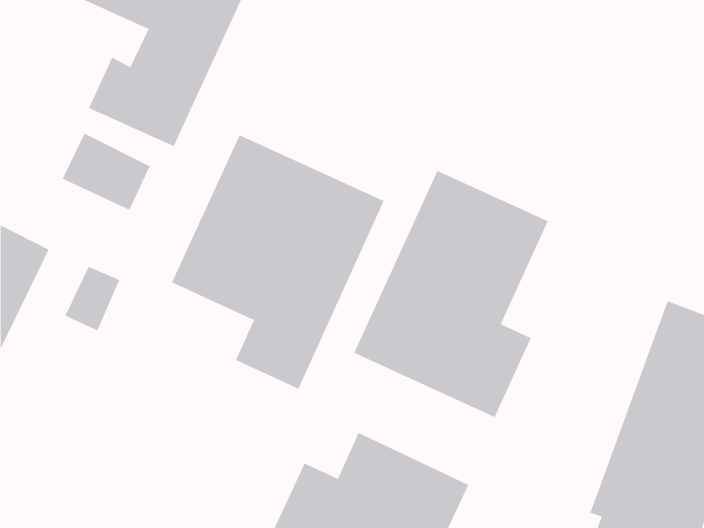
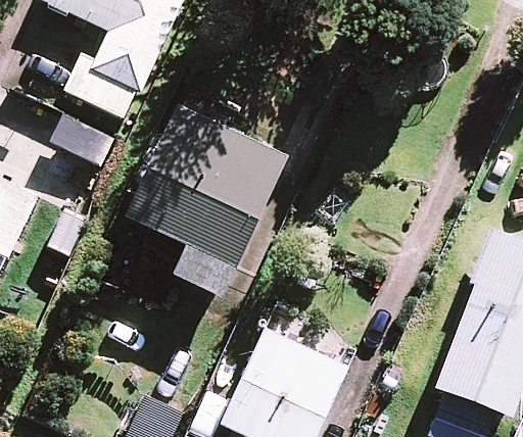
building: [354,170,549,418] -> none

